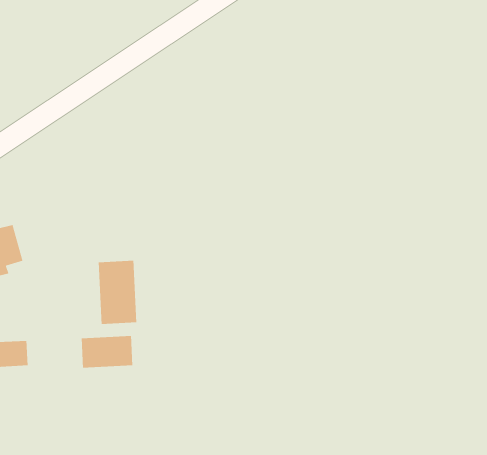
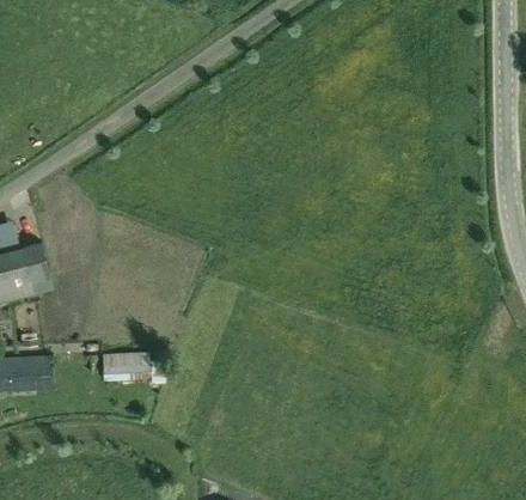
building: [98,260,137,325] -> none

